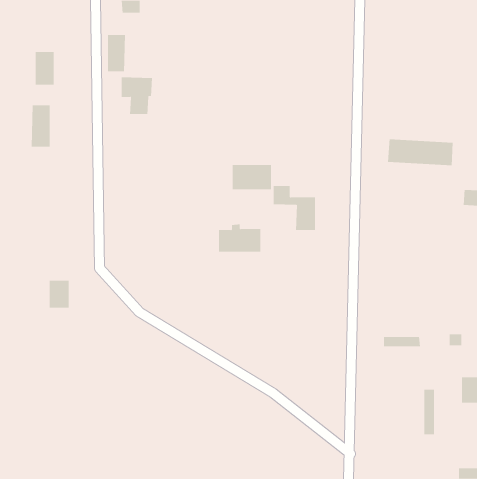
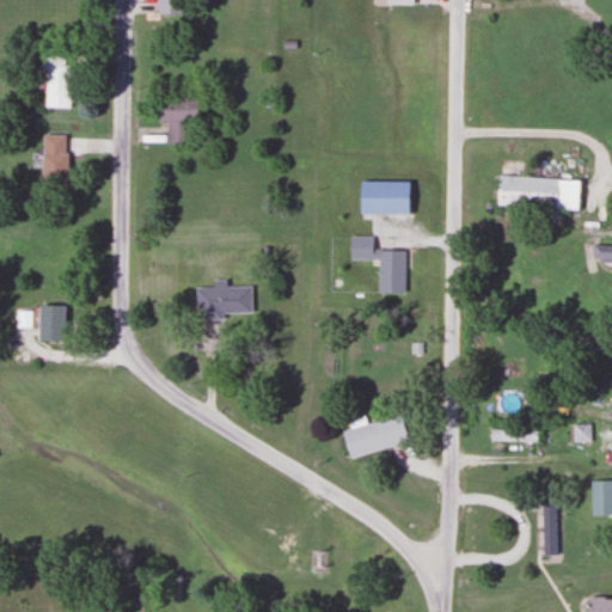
building: [107,34,125,72] -> none
building: [232,165,272,190] -> [359,183,410,215]
building: [218,224,261,252] -> [197,280,252,316]
building: [49,280,70,308] -> [37,304,63,339]
building: none -> [342,416,408,459]

